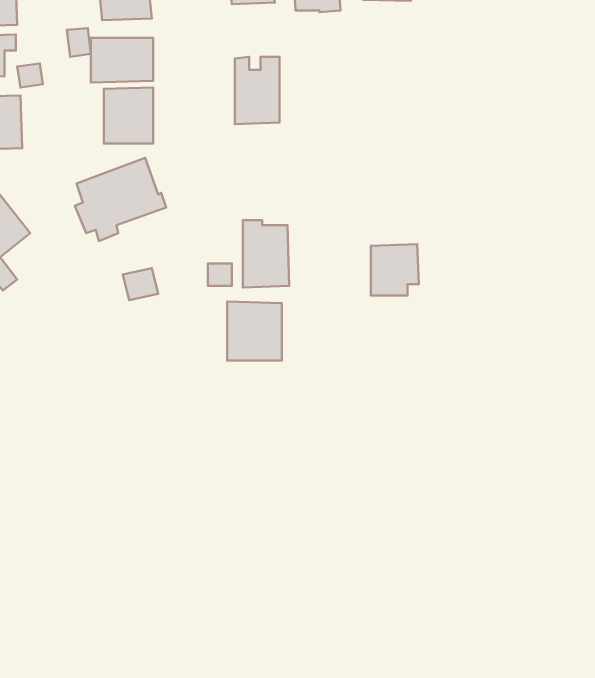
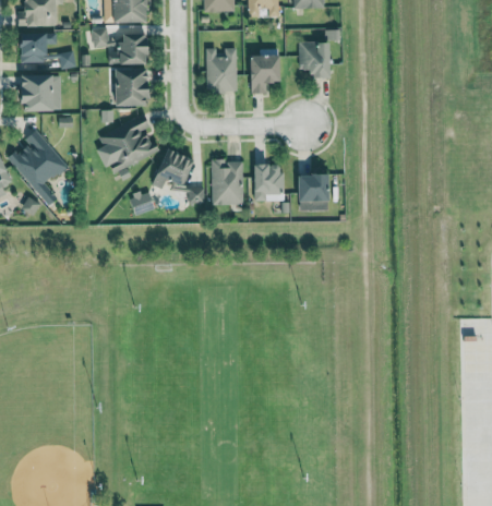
building: none -> [298,41,331,79]
building: none -> [250,56,283,95]
building: none -> [154,149,194,189]
building: none -> [253,165,284,200]
building: [227,302,282,360] -> none

